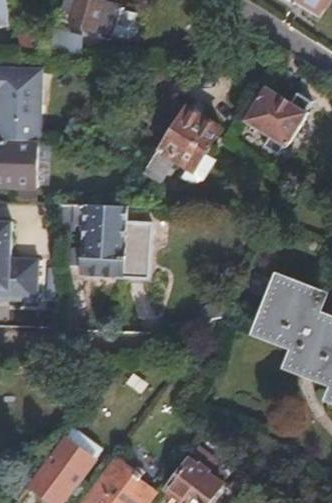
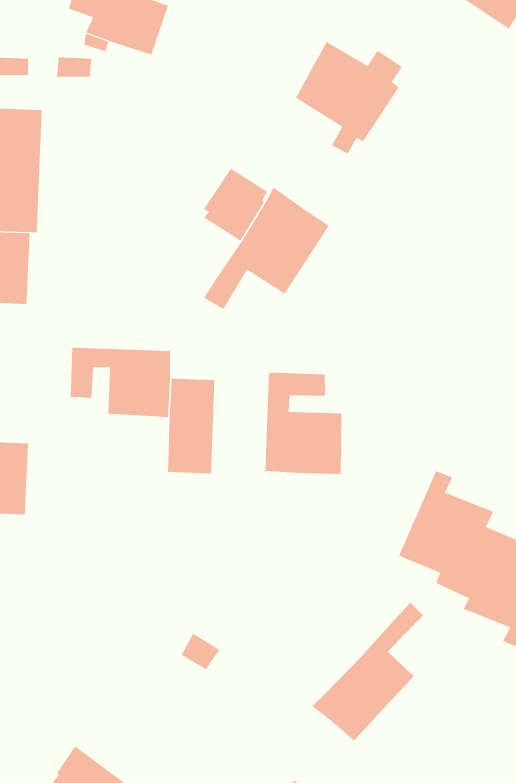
building: [245,88,308,154] -> [295,41,403,154]
building: none -> [265,372,342,475]
building: [83,243,120,277] -> none
building: none -> [311,602,424,742]

